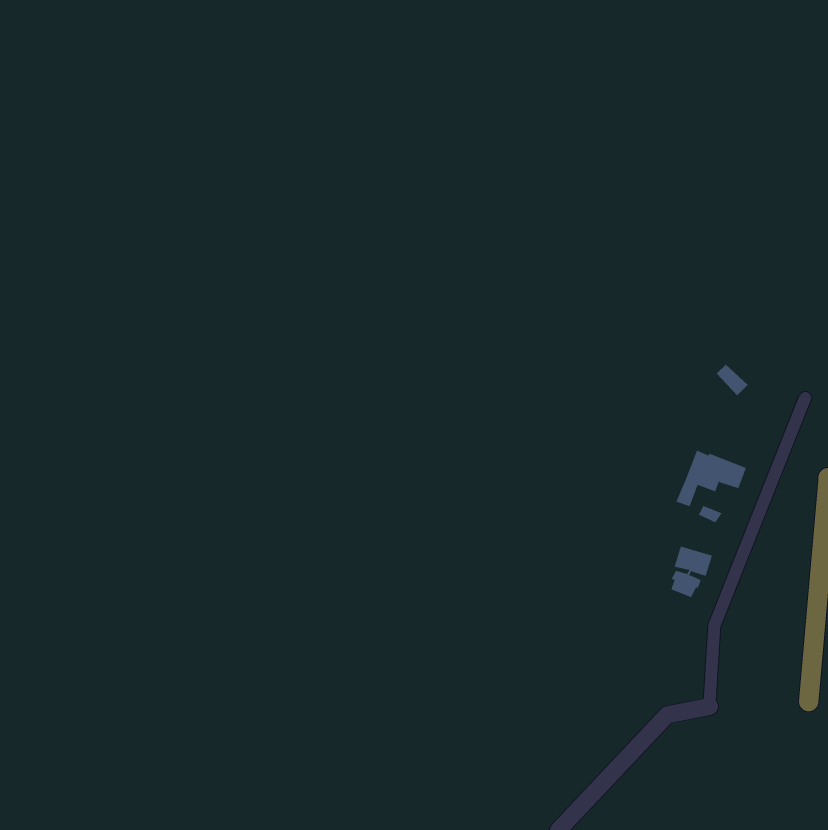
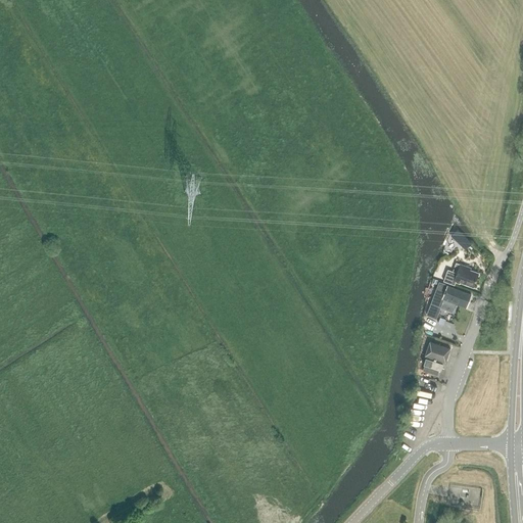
building: none -> [442,264,477,287]

